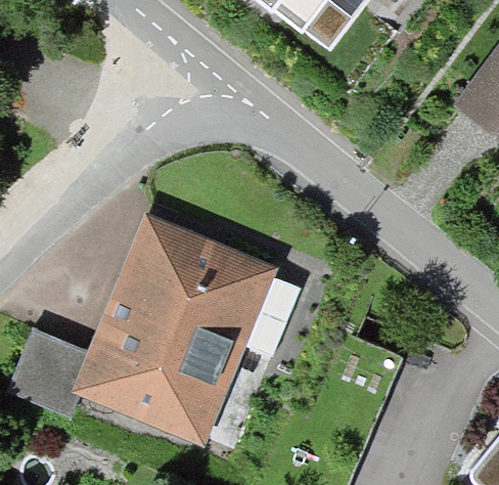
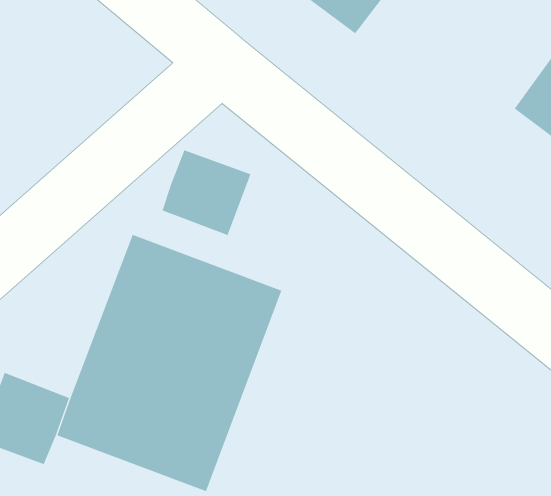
building: none -> [162,149,251,236]

